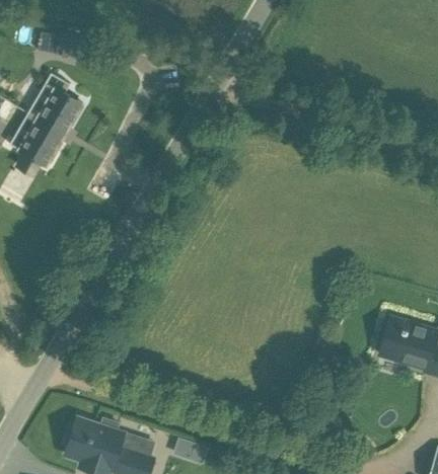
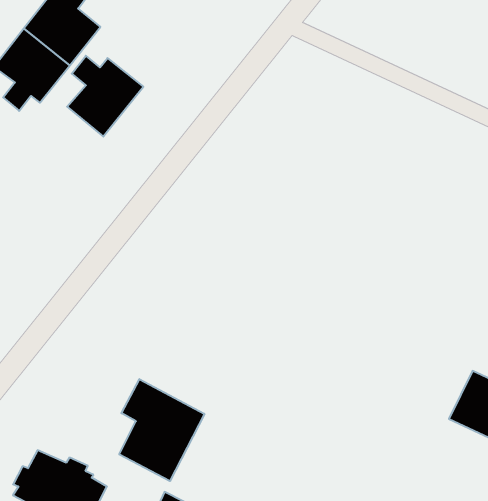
building: none -> [67,56,143,137]
building: none -> [119,379,204,481]

